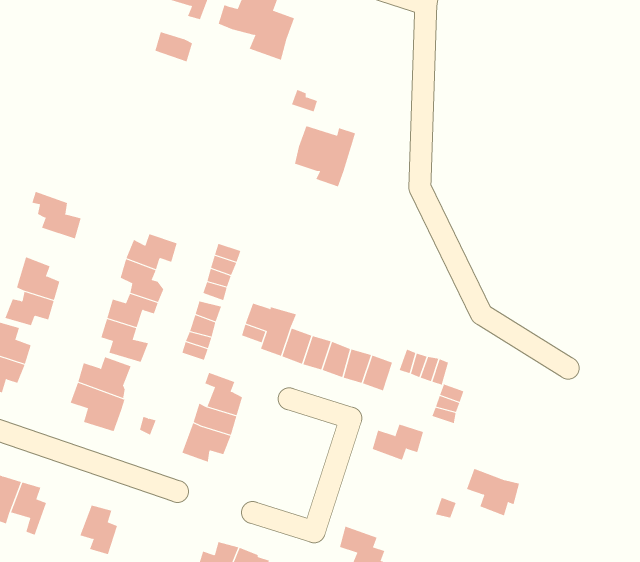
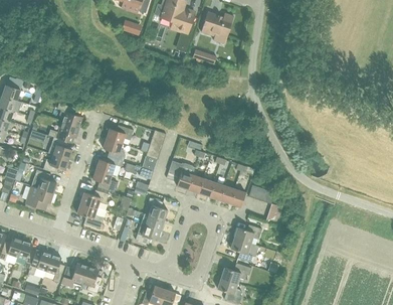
building: [294,125,356,187] -> [201,12,233,44]
building: none -> [48,122,79,143]
building: [466,468,520,516] -> [230,238,258,263]
building: none -> [60,263,87,288]
building: none -> [220,263,251,284]

